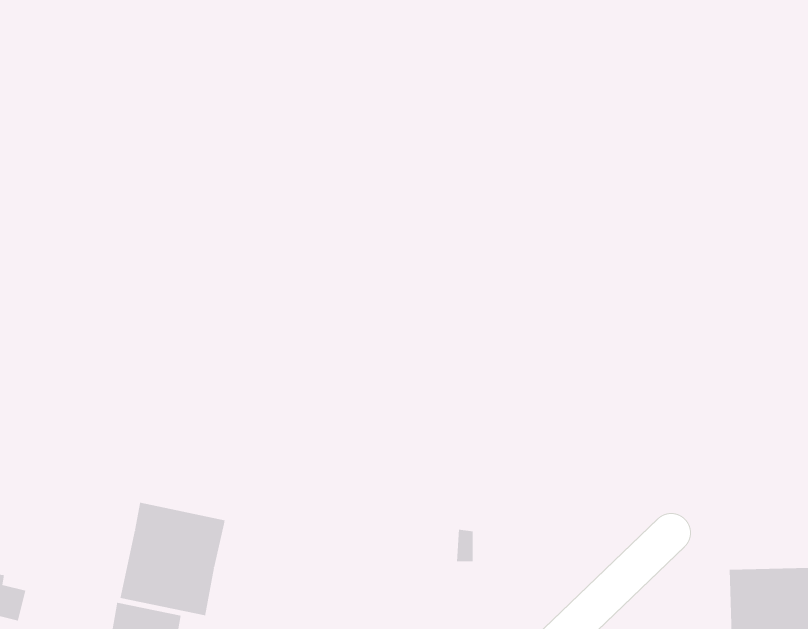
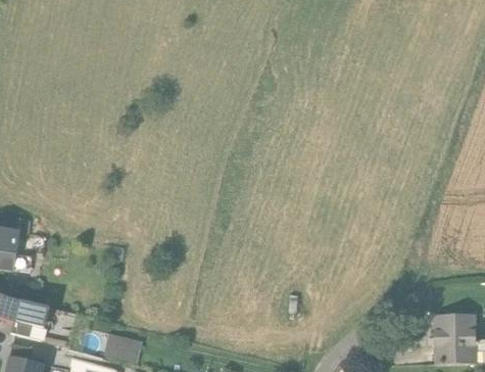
building: [120,502,225,616] -> none

